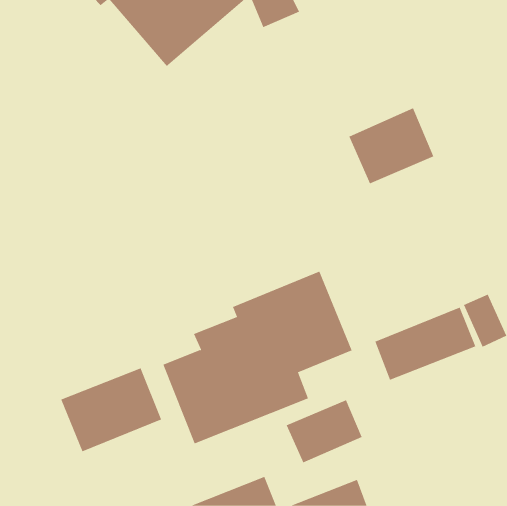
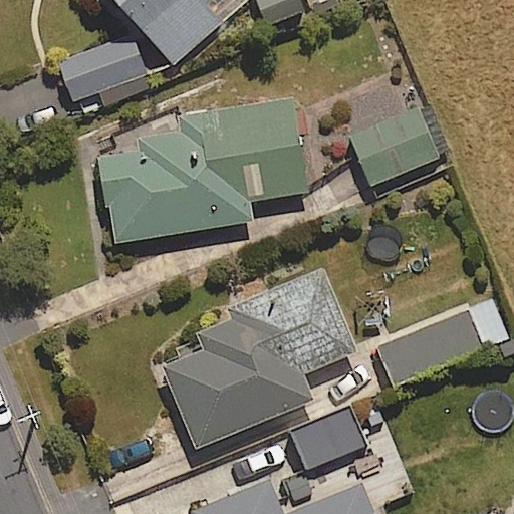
building: none -> [58,36,144,101]
building: none -> [97,102,305,244]
building: [60,367,162,452] -> none

